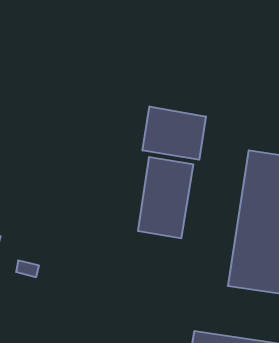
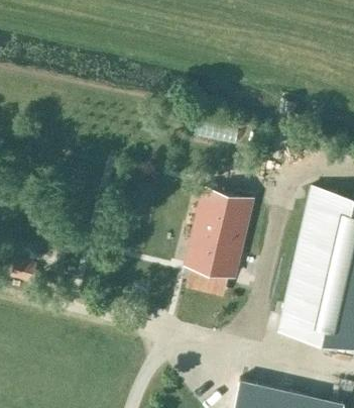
building: [143,106,206,160] -> none

